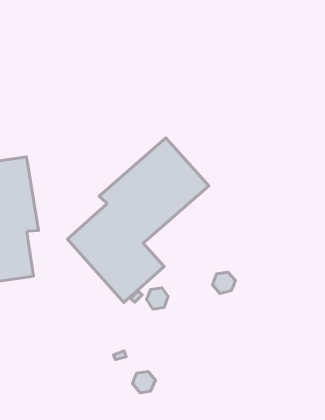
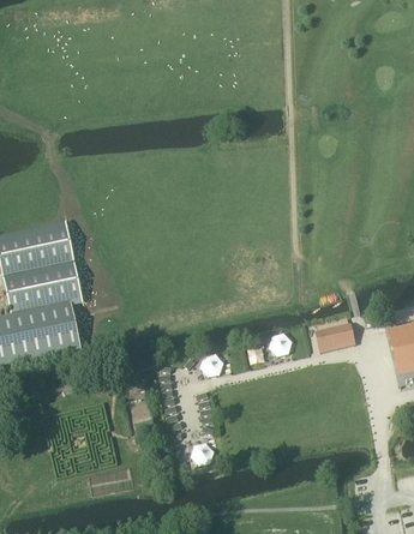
building: [67,138,209,302] -> none
building: none -> [318,323,355,349]

